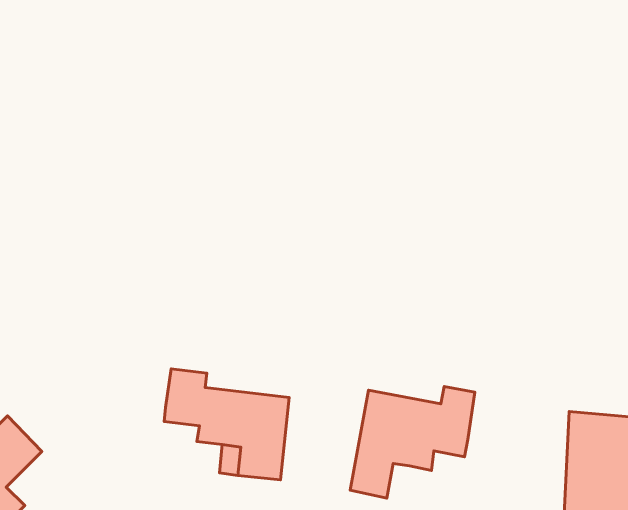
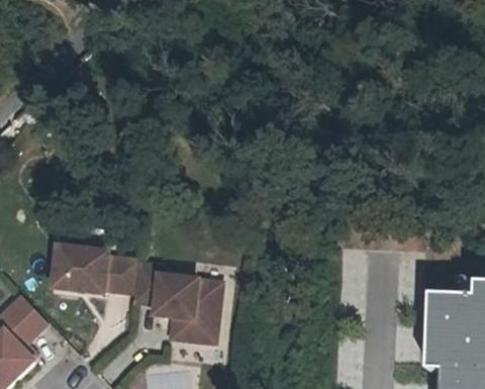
building: none -> [59,248,141,292]
building: [350,387,475,498] -> none

